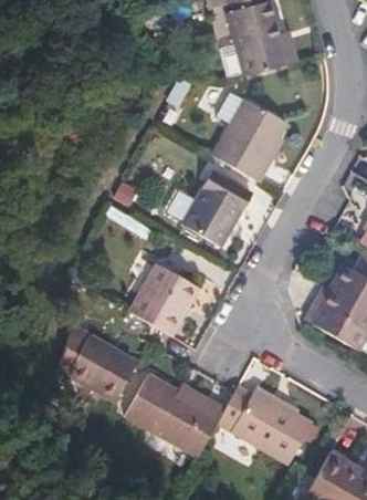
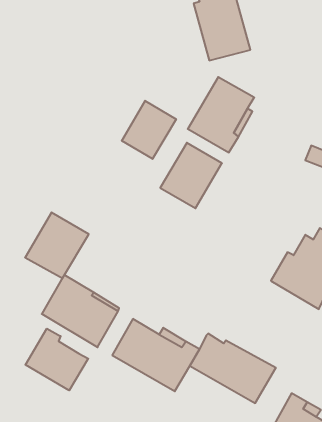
building: none -> [122,101,176,159]
building: [128,262,200,336] -> [25,212,89,278]
building: none -> [25,329,88,390]

